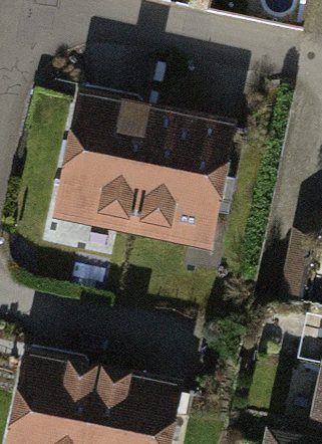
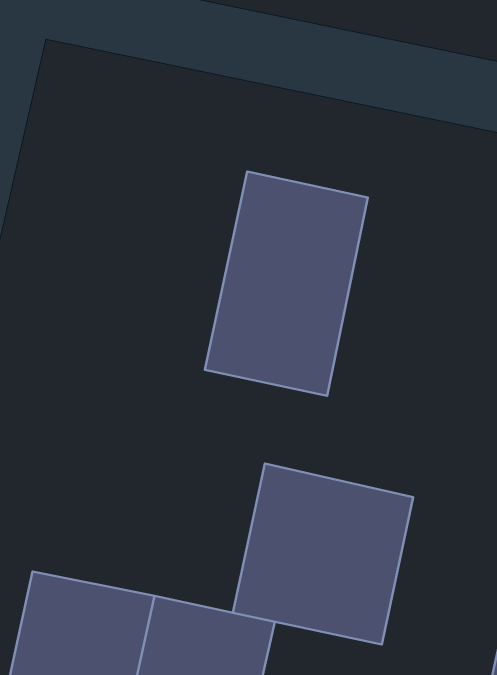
building: [58,91,159,230] -> none
building: none -> [233,463,413,645]

